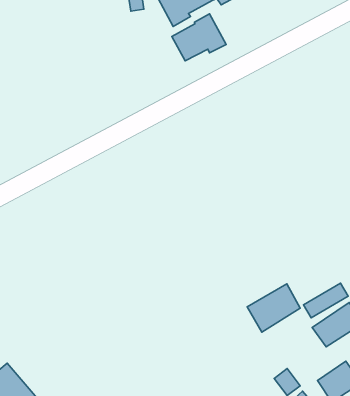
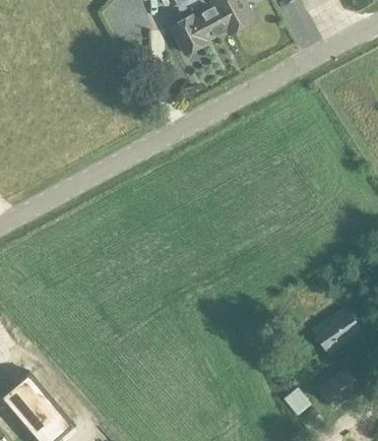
building: [172,14,226,61] -> none
building: [247,284,300,332] -> none

